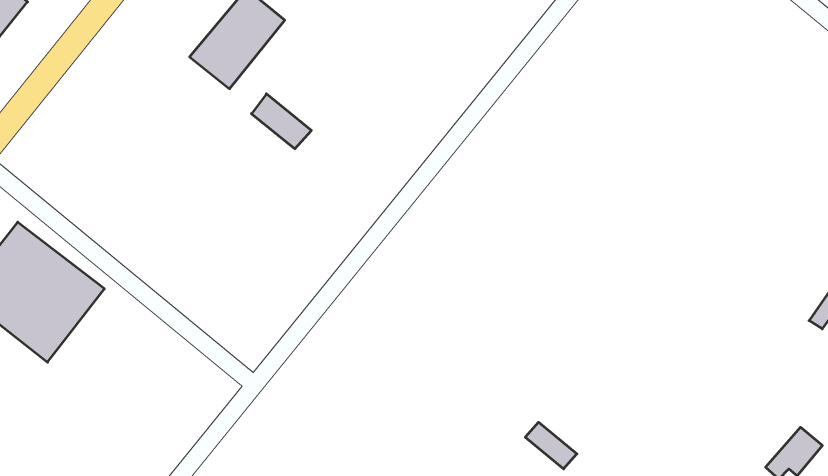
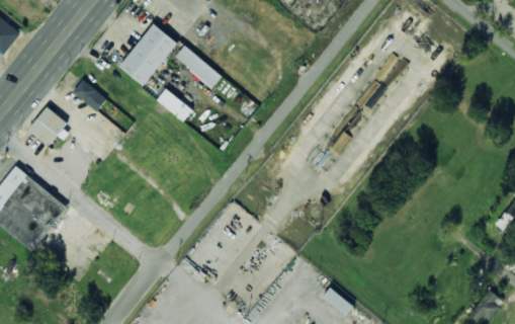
building: none -> [174,46,222,88]
building: none -> [72,79,106,111]
building: none -> [27,106,66,147]

